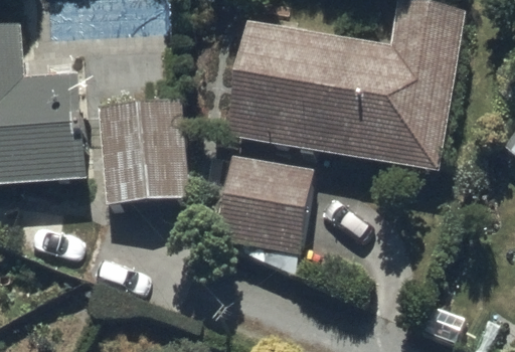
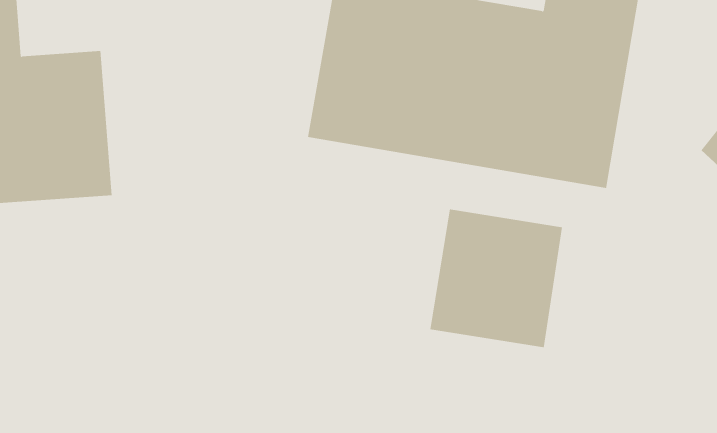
building: [101,96,191,204] -> none
building: [218,155,313,253] -> [429,209,563,348]

